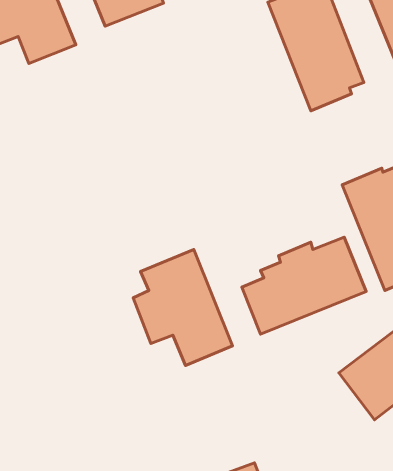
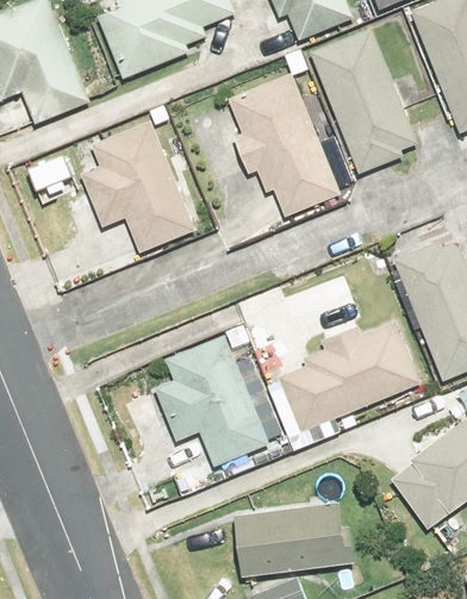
building: none -> [228,74,340,217]
building: none -> [79,119,195,254]
building: none -> [236,498,354,575]

